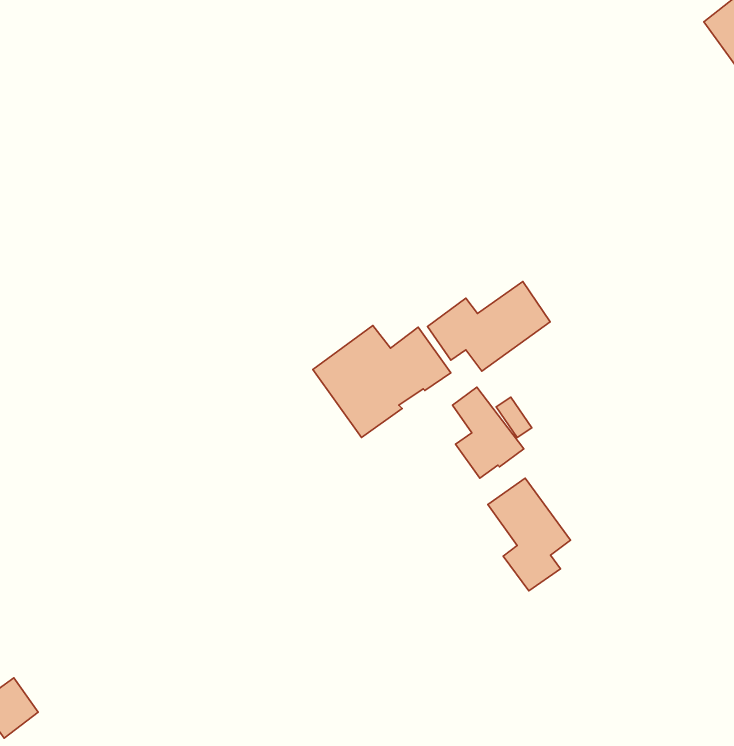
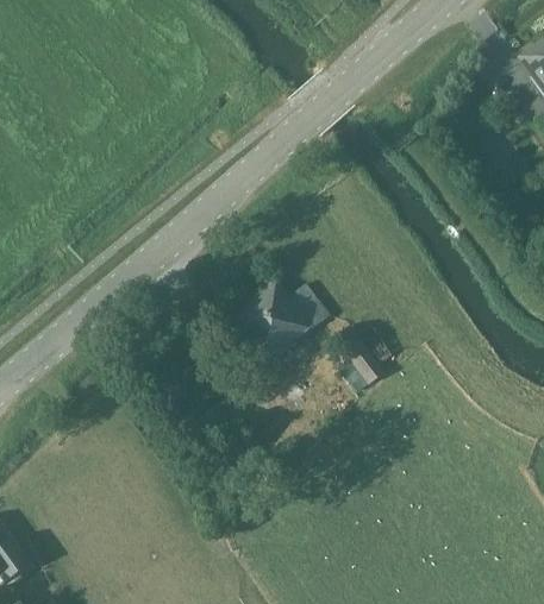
building: [428,282,550,371] -> none
building: [488,478,571,591] -> none

